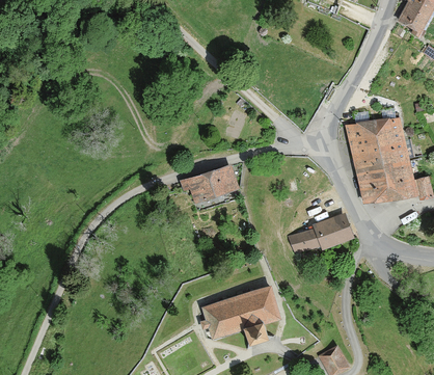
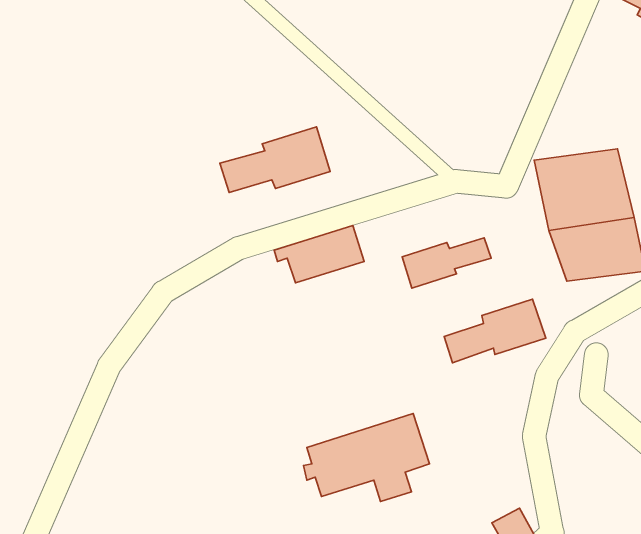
building: none -> [220,127,330,193]
building: none -> [402,238,491,288]

